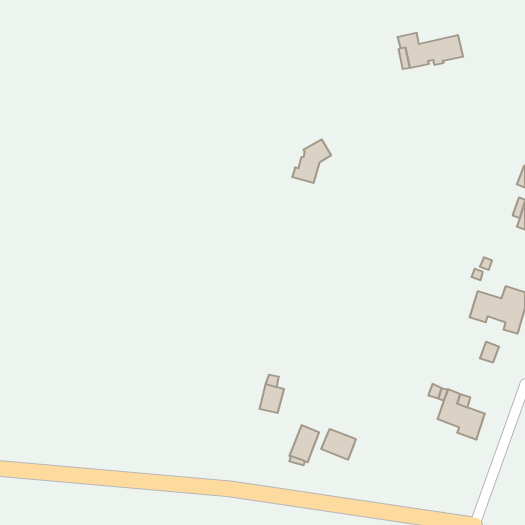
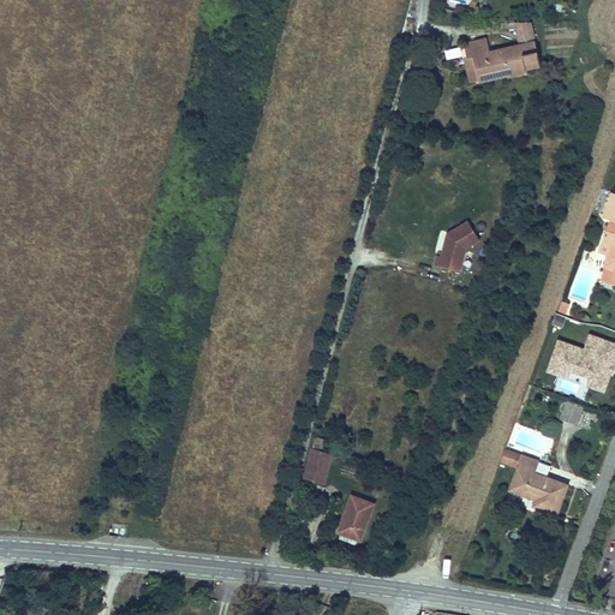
building: [292,140,331,183] -> [432,222,478,273]
building: [321,429,356,460] -> none

